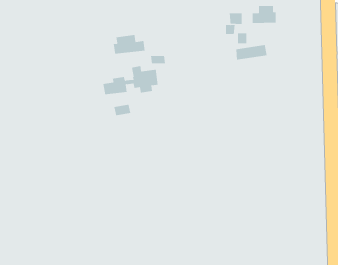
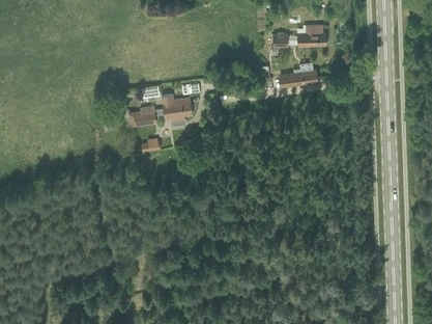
building: [113,34,145,55] -> none

